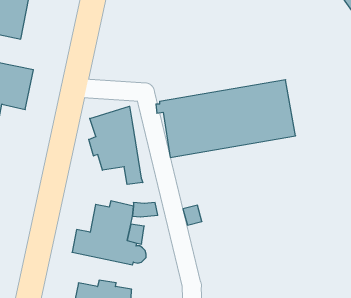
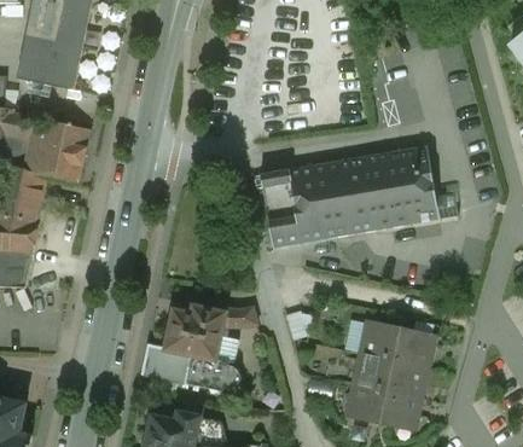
building: [89,106,143,184] -> none
building: none -> [350,323,428,428]

